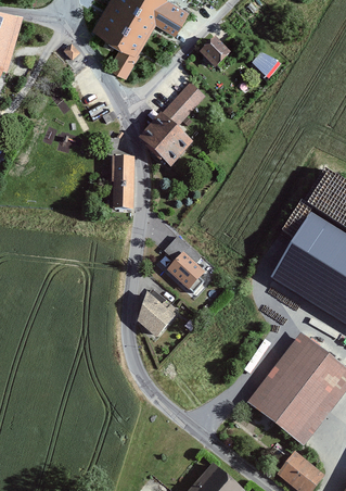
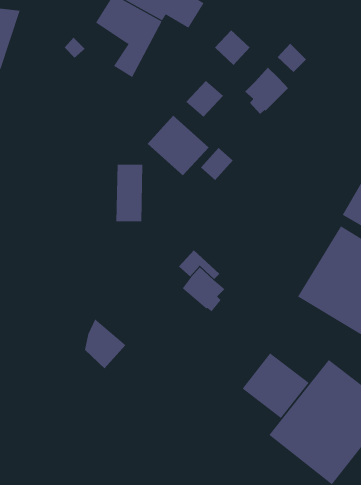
building: none -> [244,67,289,115]
building: none -> [200,147,233,181]
building: [139,291,177,337] -> [84,319,126,369]
building: none -> [242,352,309,419]

